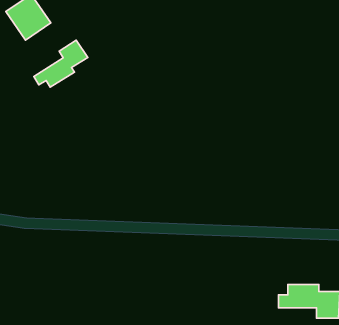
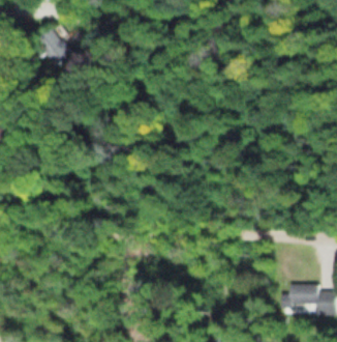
building: [34,40,88,87] -> none

